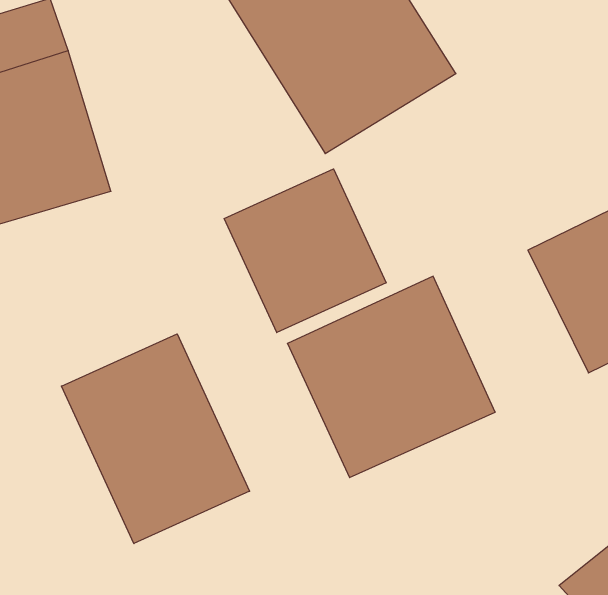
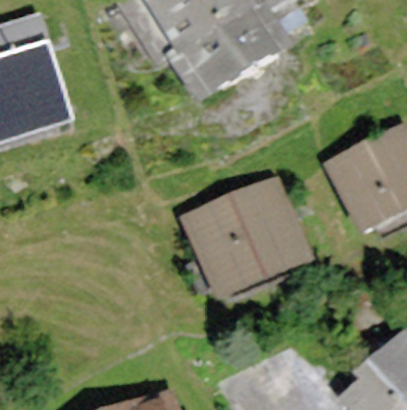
building: [224,169,386,333] -> none
building: [61,334,250,544] -> none

